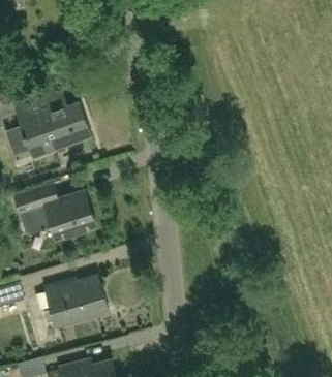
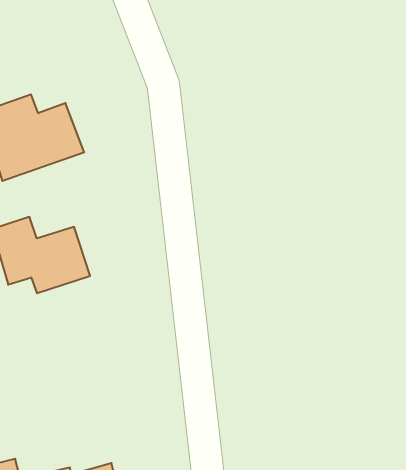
building: [44,276,108,326] -> none

